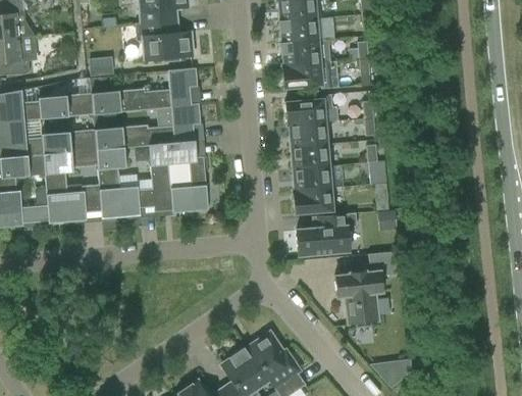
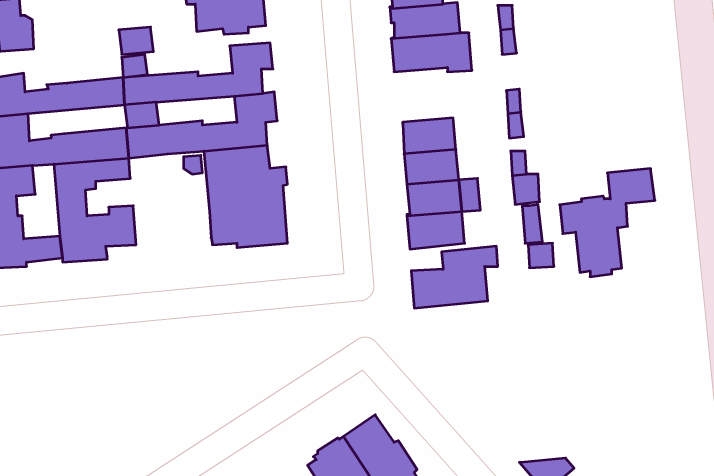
building: [284,94,337,126] -> none
building: [96,147,154,219] -> none
building: [334,251,402,328] -> [560,169,655,277]

